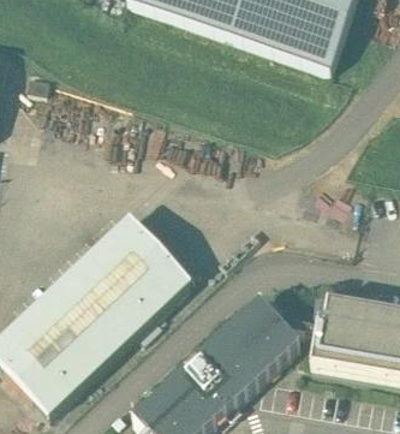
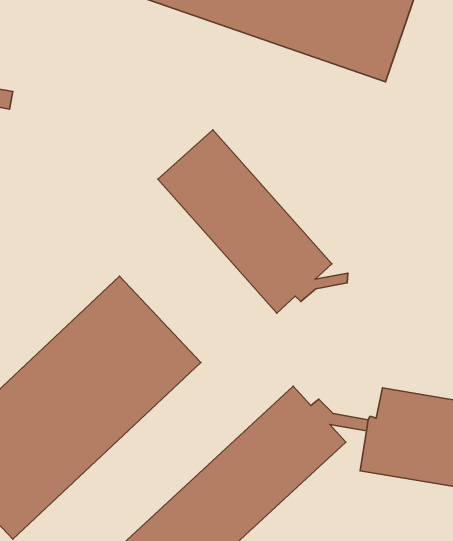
building: none -> [158,130,348,313]

